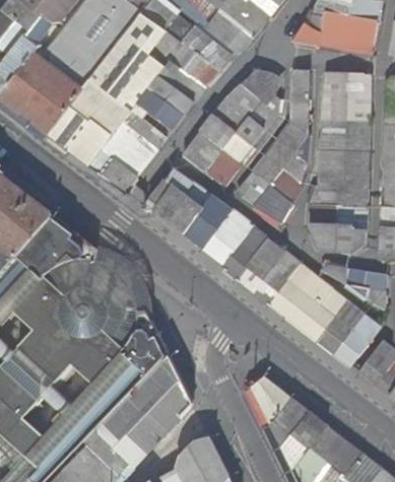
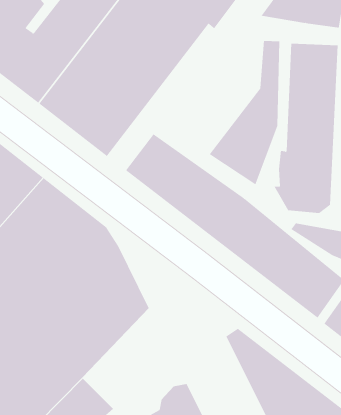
building: [183,68,288,185] -> none
building: [97,356,194,467] -> none

